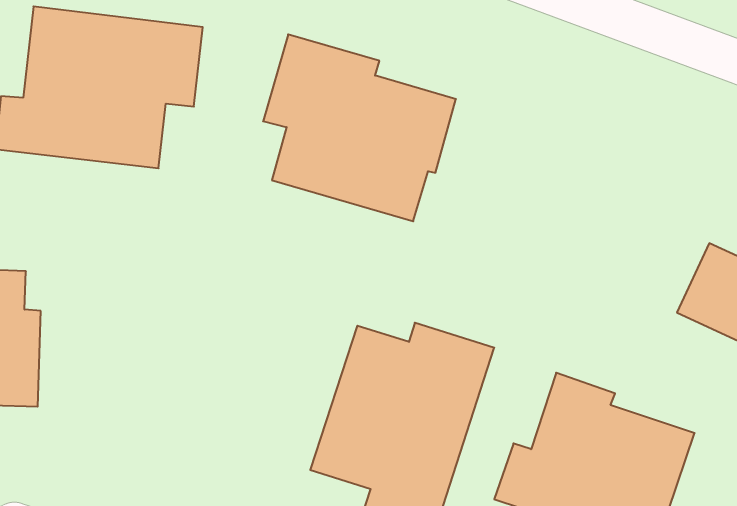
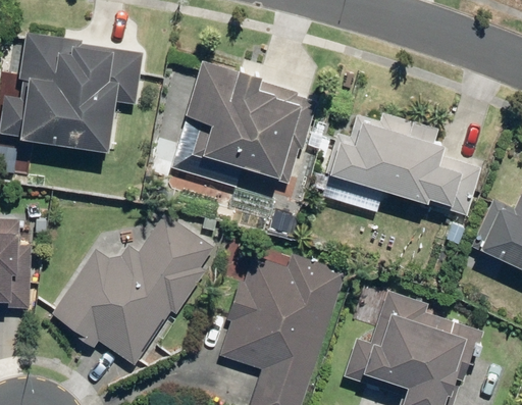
building: none -> [323,113,480,214]
building: none -> [50,215,212,367]

